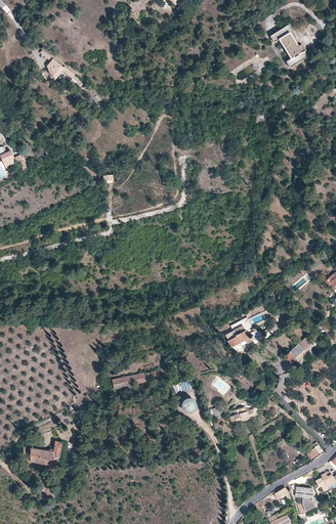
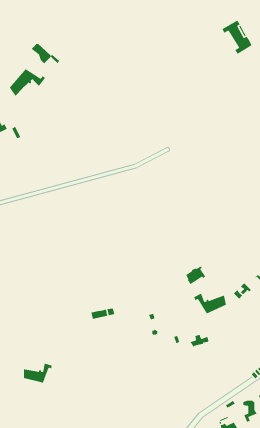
building: none -> [9,68,46,97]
building: none -> [193,293,227,314]

